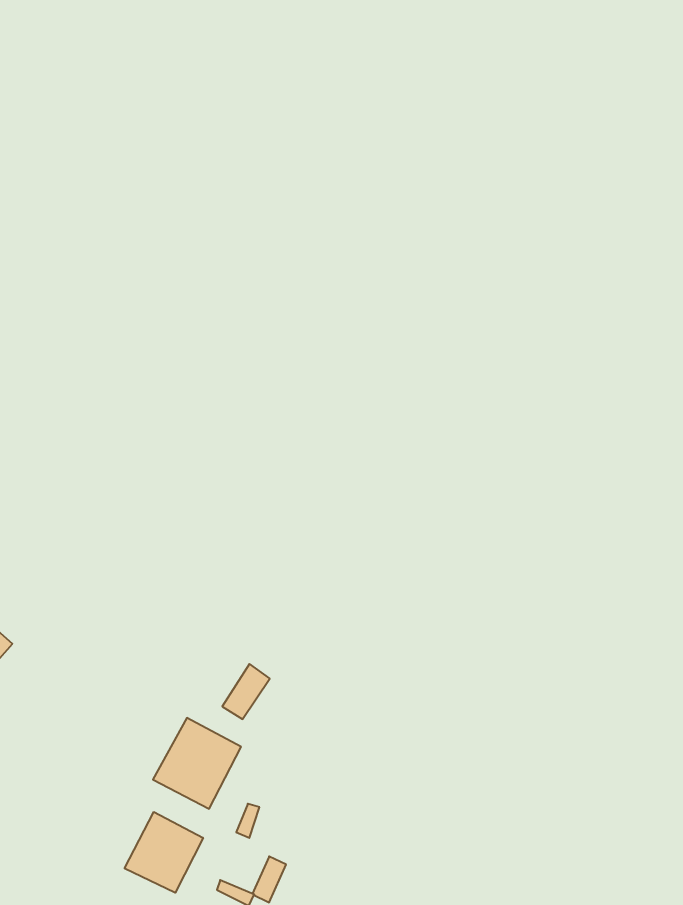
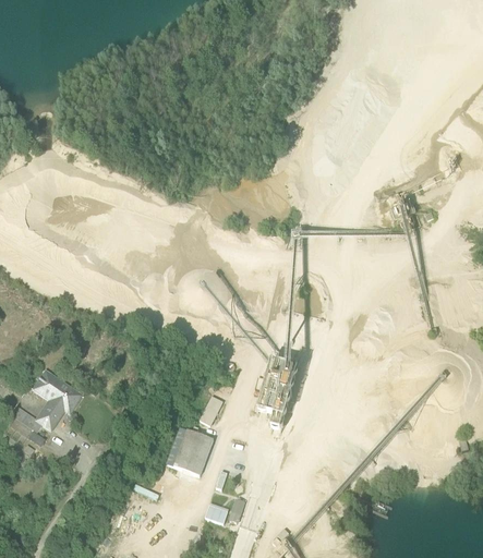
building: [125,812,203,893] -> none

